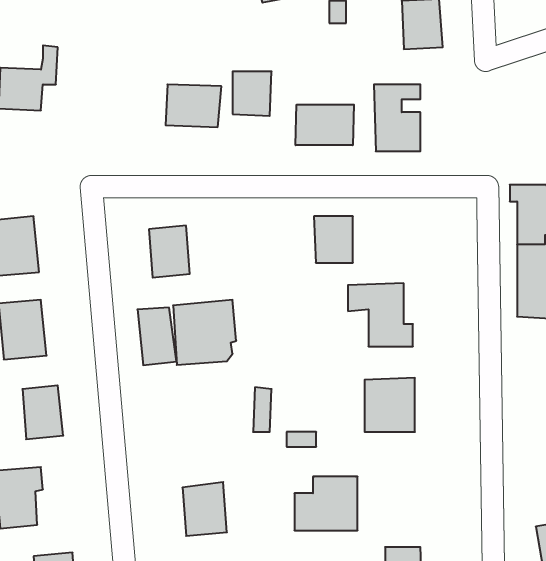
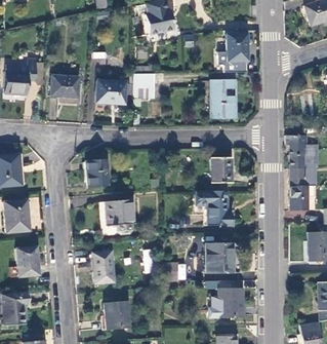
building: none -> [51,75,80,98]
building: [296,105,354,145] -> none
building: [314,216,353,263] -> [211,157,233,183]
building: [137,308,177,365] -> [93,252,115,283]
building: [294,477,358,530] -> [209,288,244,317]

